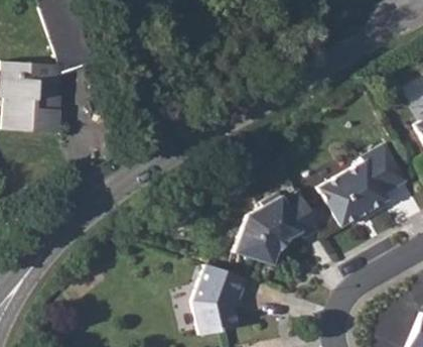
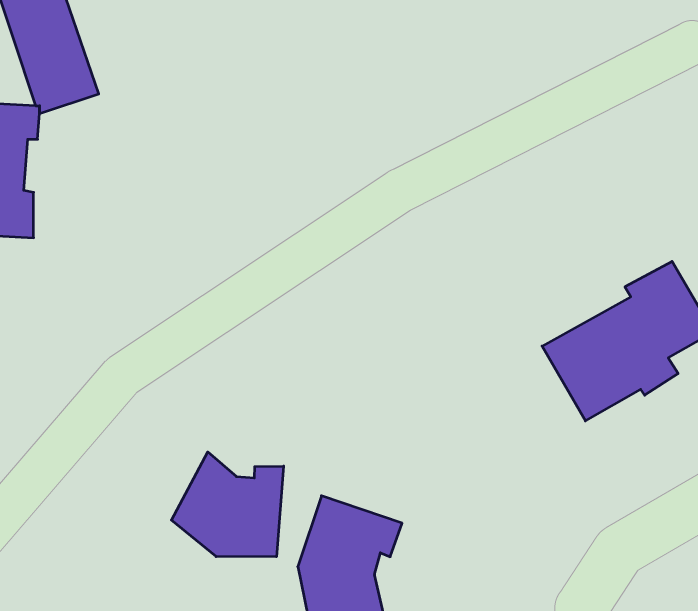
building: [232,193,318,266] -> none
building: none -> [171,452,284,557]

